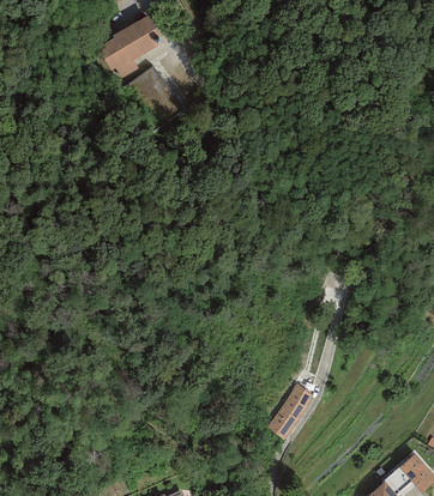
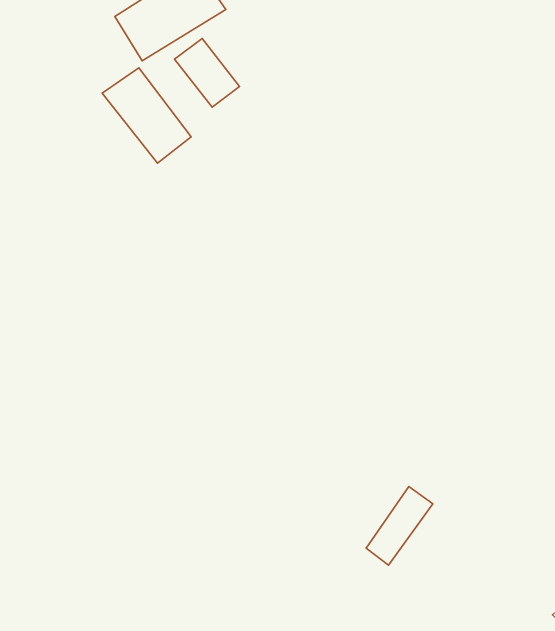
building: none -> [102,68,191,163]

